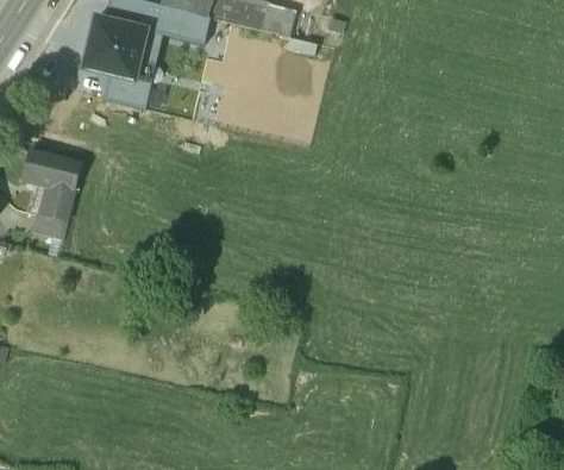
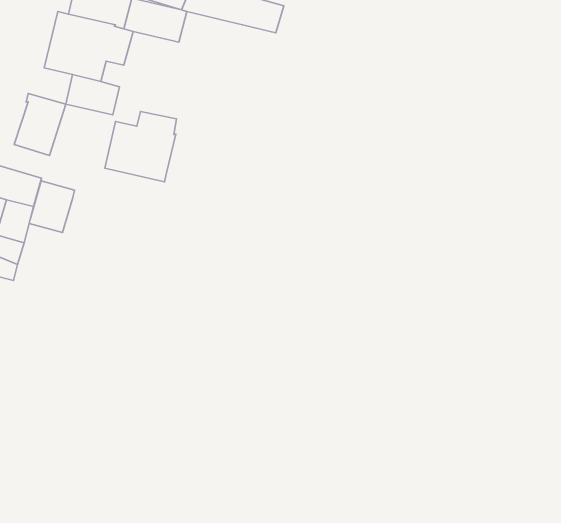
building: none -> [14,93,66,155]
building: none -> [105,112,177,182]
building: none -> [29,181,74,233]

